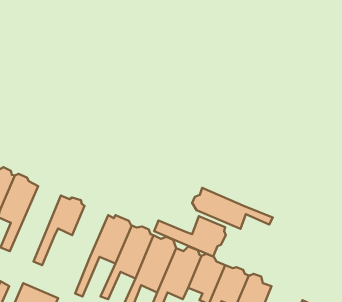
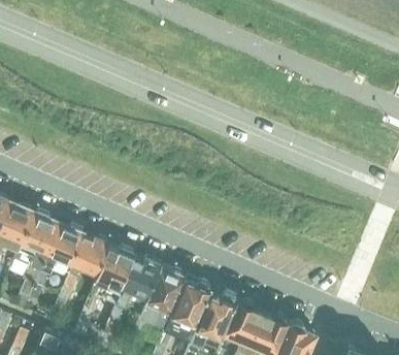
building: none -> [28,225,84,300]
building: [192,188,273,229] -> none
building: none -> [73,247,135,335]
building: [154,216,226,257] -> none

